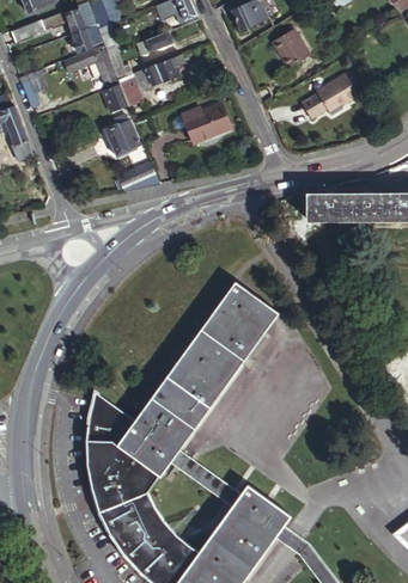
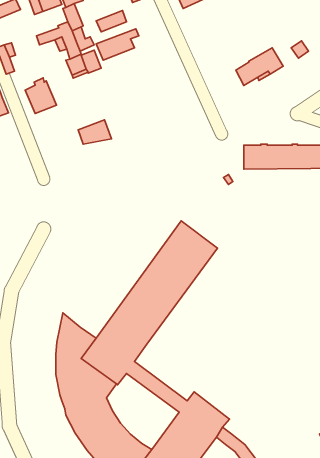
building: [71,26,101,54] -> none
building: [267,31,304,69] -> none
building: [173,106,224,146] -> none
building: [101,116,138,158] -> [25,78,56,113]

